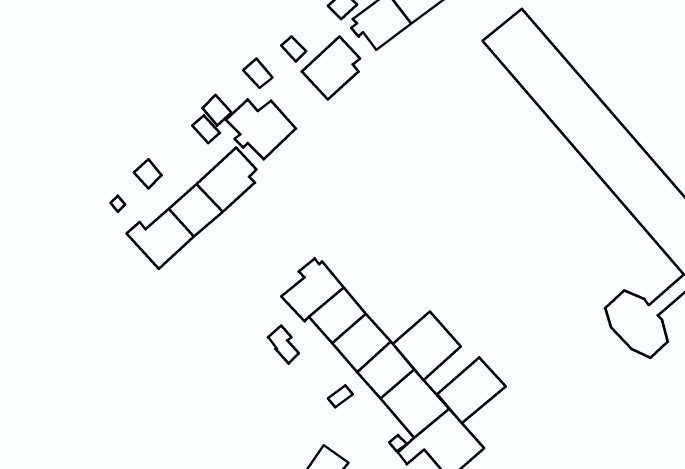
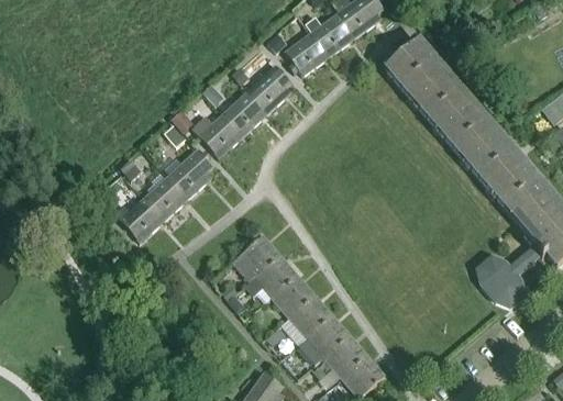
building: none -> [224,91,267,134]
building: [393,312,461,380] -> none
building: [437,357,506,423] -> none

